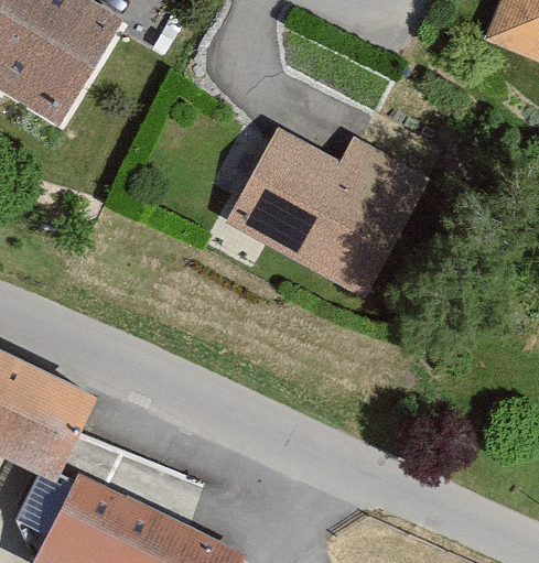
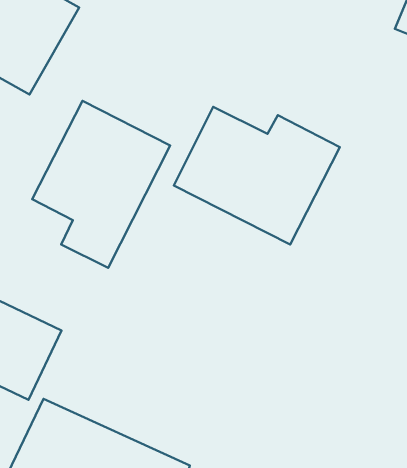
building: none -> [32,101,170,268]

